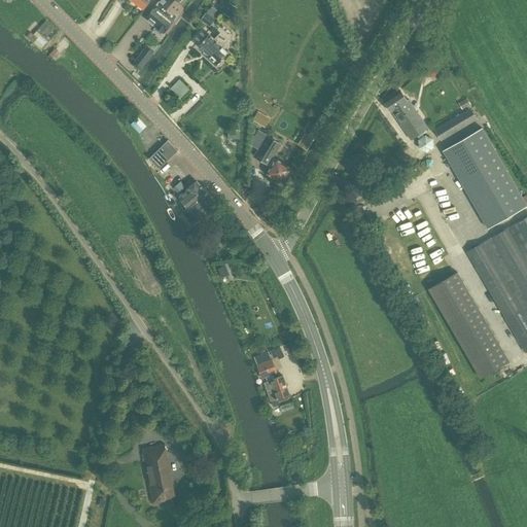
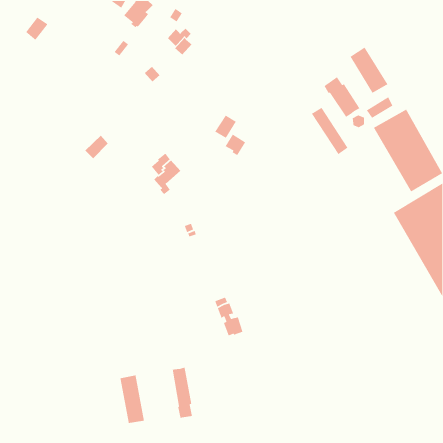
building: none -> [349,46,388,94]
building: none -> [311,107,349,155]
building: [149,140,178,169] -> [84,135,109,159]
building: [428,272,510,379] -> none
building: none -> [172,367,193,419]

